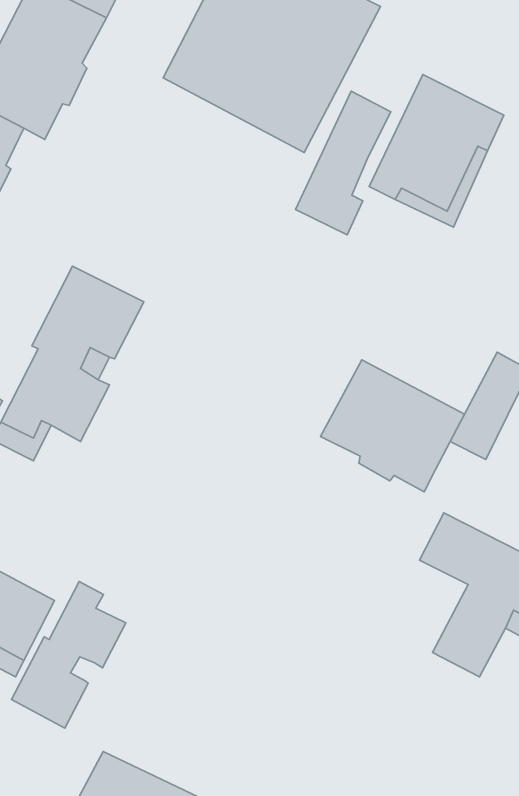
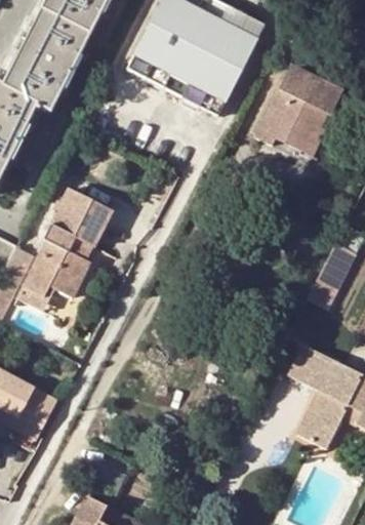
building: [295,91,391,235] -> none
building: [321,360,465,492] -> none
building: [11,582,126,728] -> none

